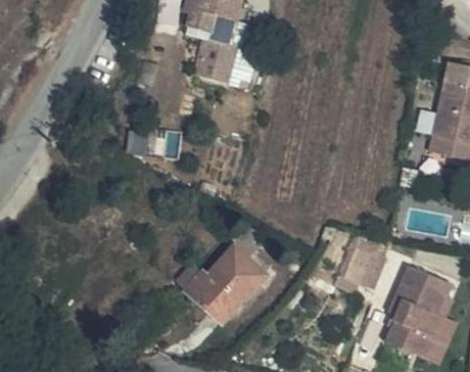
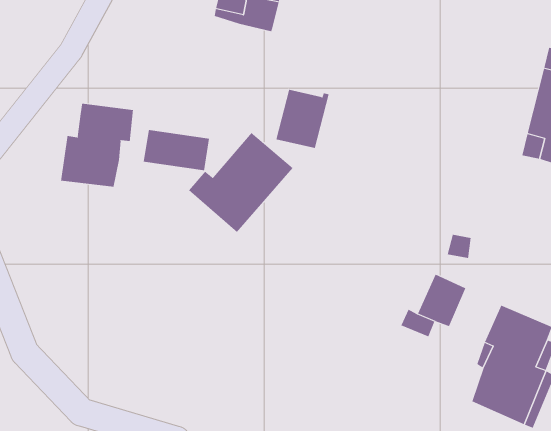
building: [192,42,235,89] -> [276,89,330,148]
building: none -> [60,103,133,188]
building: [185,245,269,325] -> [188,132,294,233]

